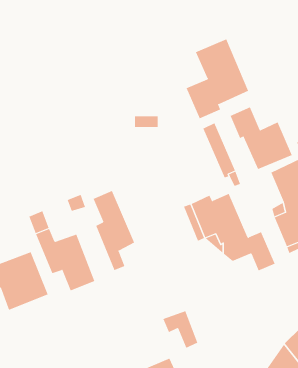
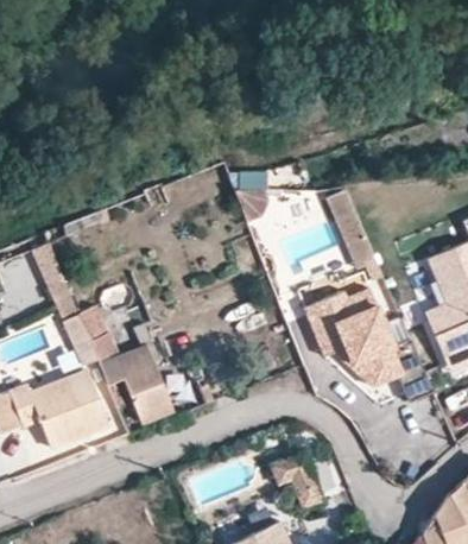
building: [186,39,249,119] -> none
building: [230,107,292,170] -> none
building: [93,190,135,271] -> none

